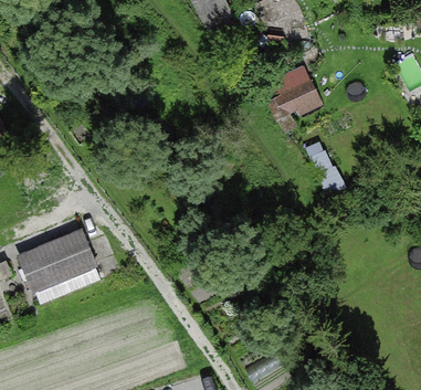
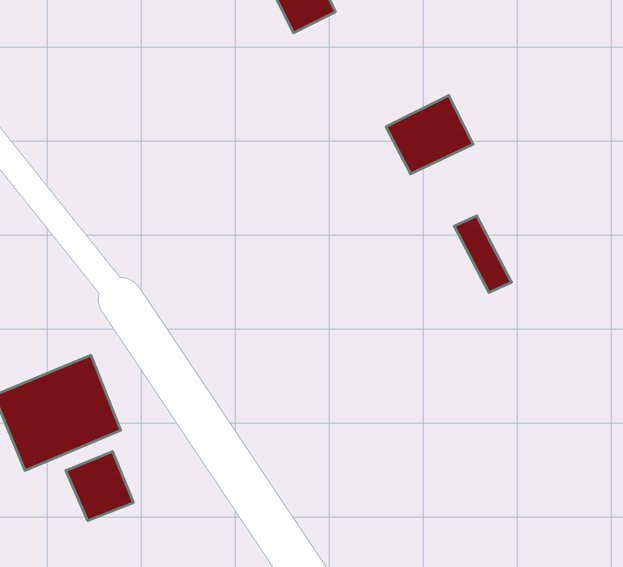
building: none -> [66,451,133,521]

